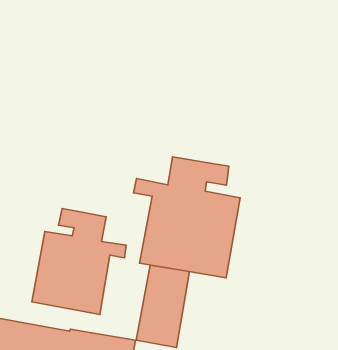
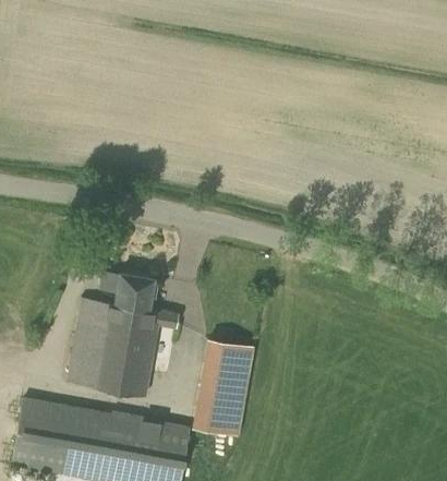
building: [133,157,240,278] -> none

